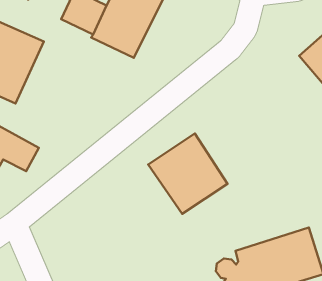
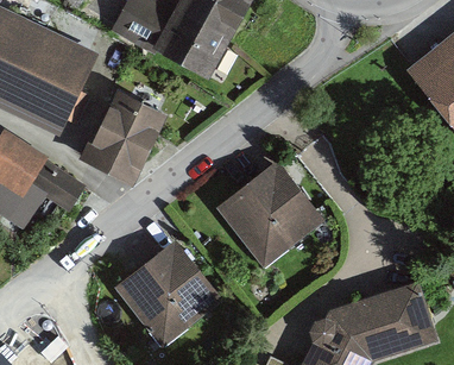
building: none -> [83,86,164,172]
building: none -> [120,244,217,340]

